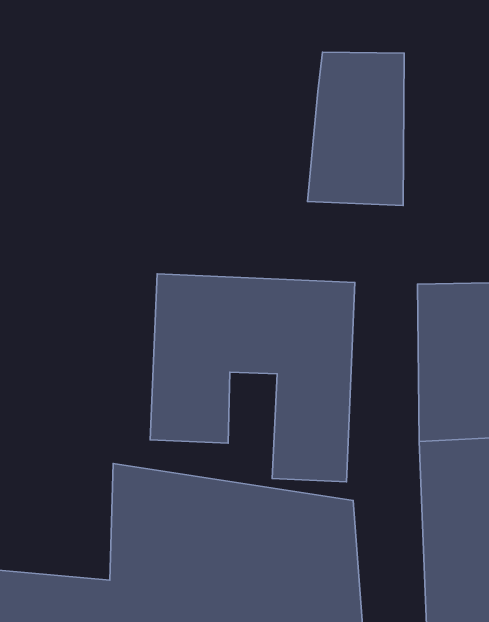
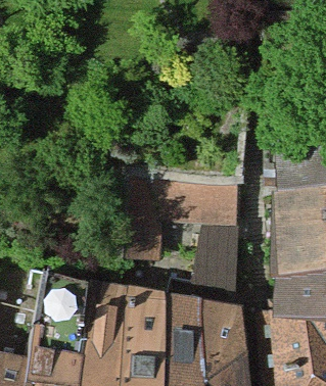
building: [307,52,404,206] -> none

